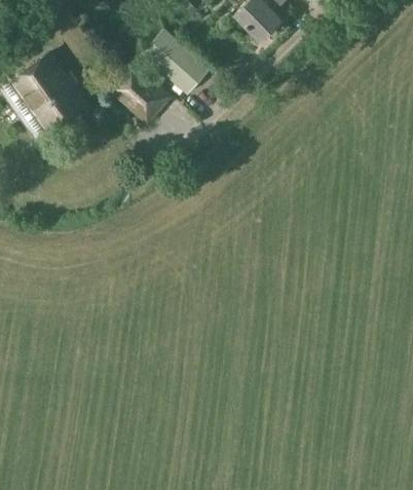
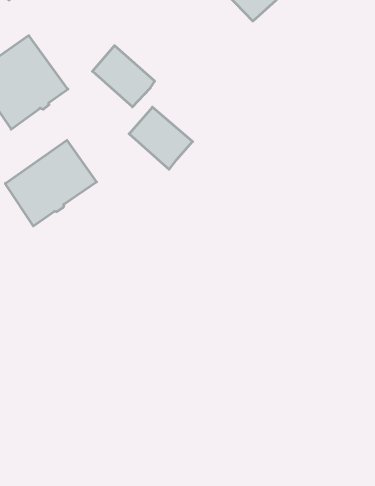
building: [145,29,203,86] -> [129,107,193,169]
building: none -> [5,140,97,226]

